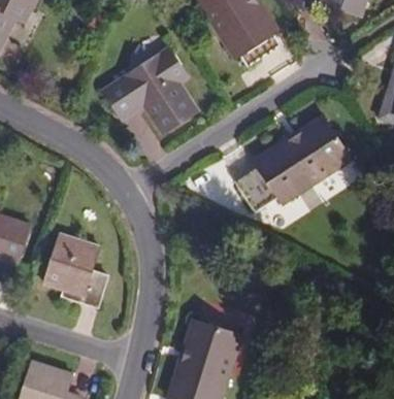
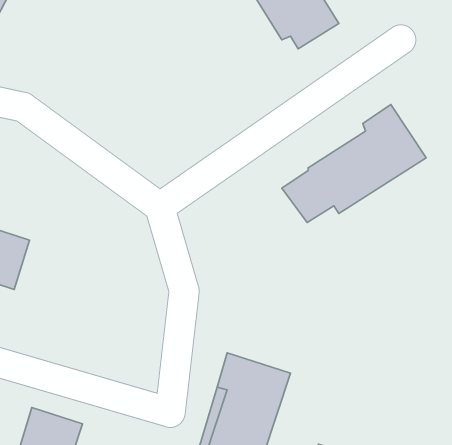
building: [102,48,196,133] -> none
building: [42,232,107,304] -> none

